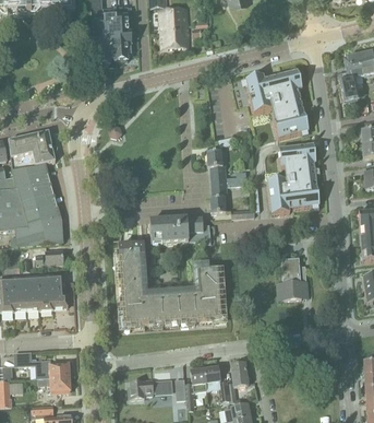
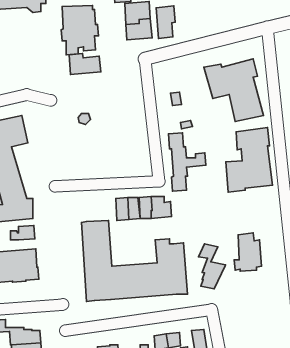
building: none -> [156,6,175,38]
building: none -> [69,54,101,75]
building: none -> [199,244,226,289]

